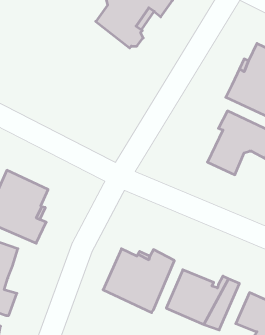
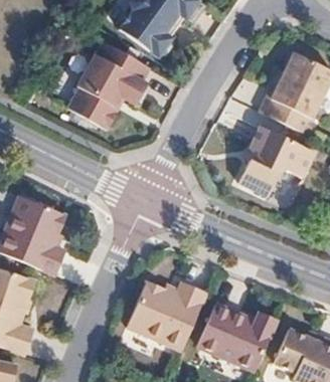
building: none -> [65,41,147,128]

